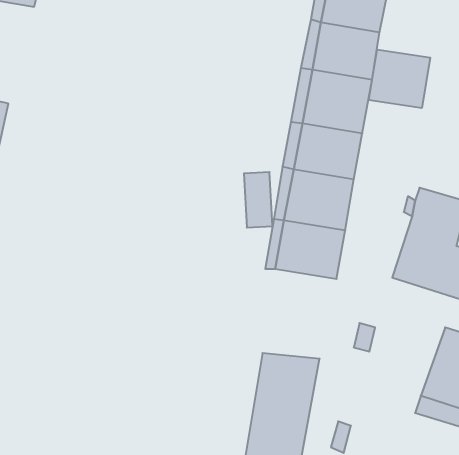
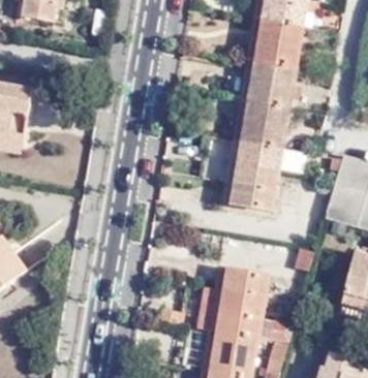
building: [369,50,430,108] -> none

